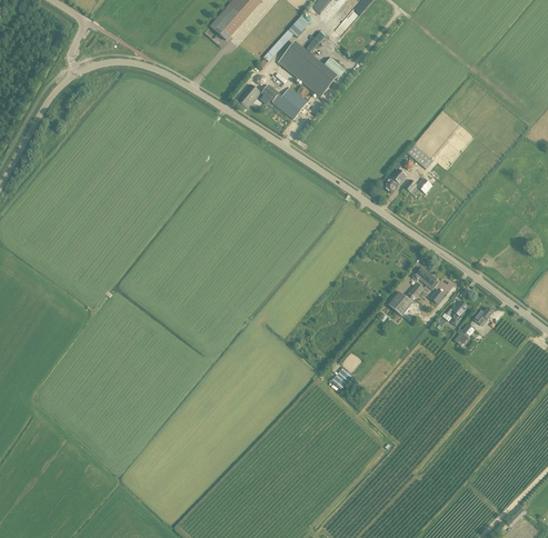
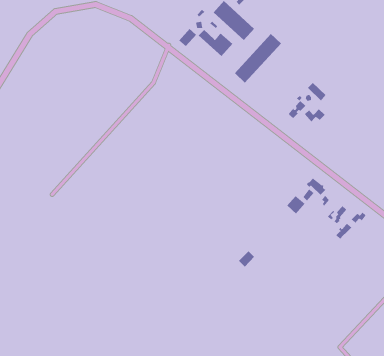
building: none -> [234,33,282,83]

